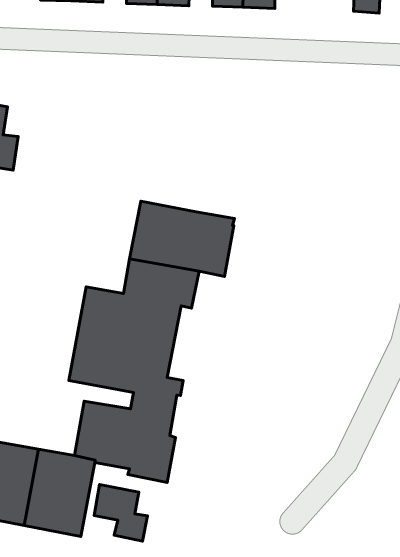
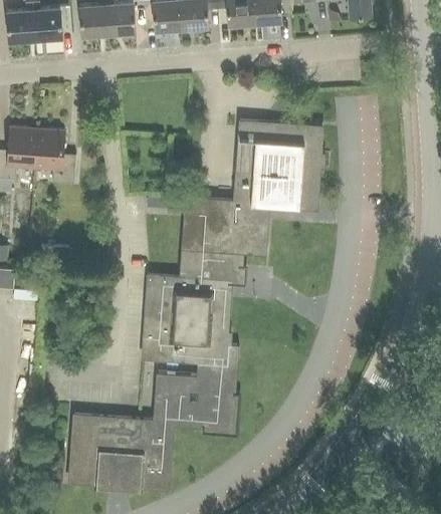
building: none -> [234,120,320,209]
building: [94,485,148,541] -> none

